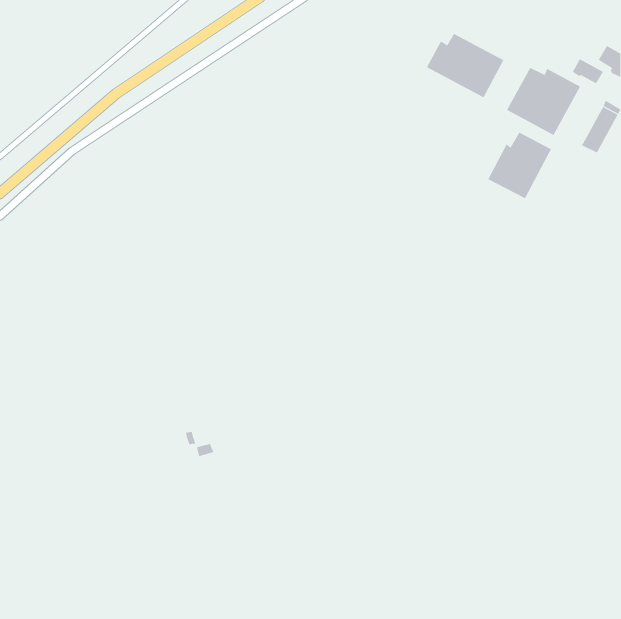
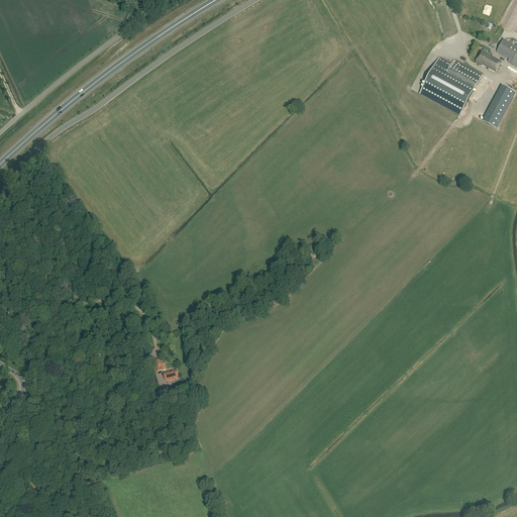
building: [426,33,505,99] -> none
building: [487,132,552,200] -> none

